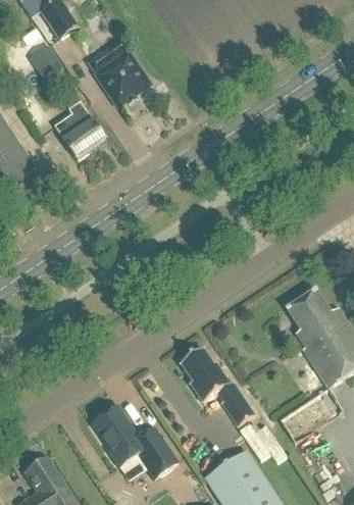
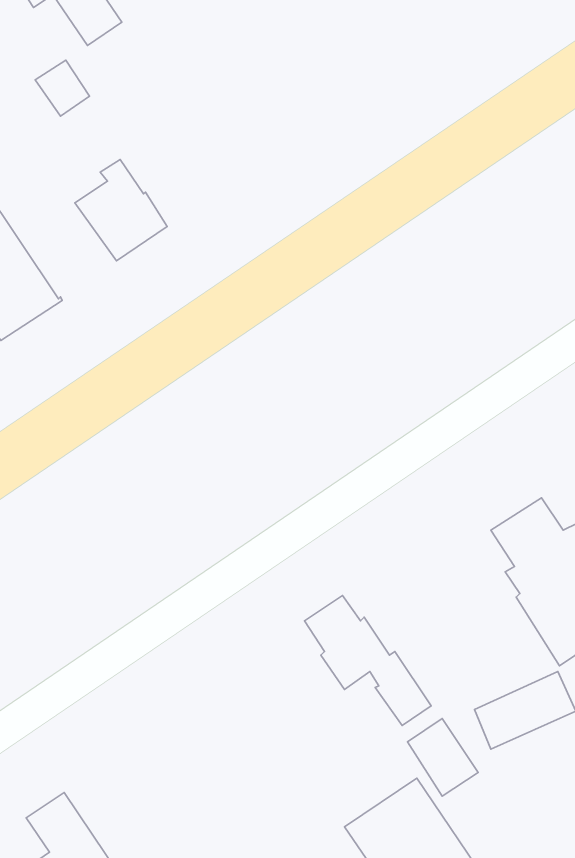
building: [95,51,148,104] -> none
building: [91,405,176,476] -> none

